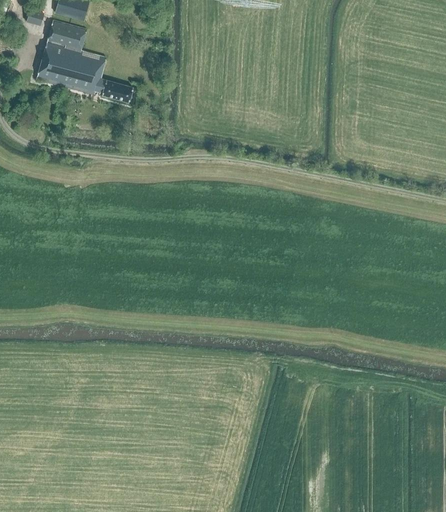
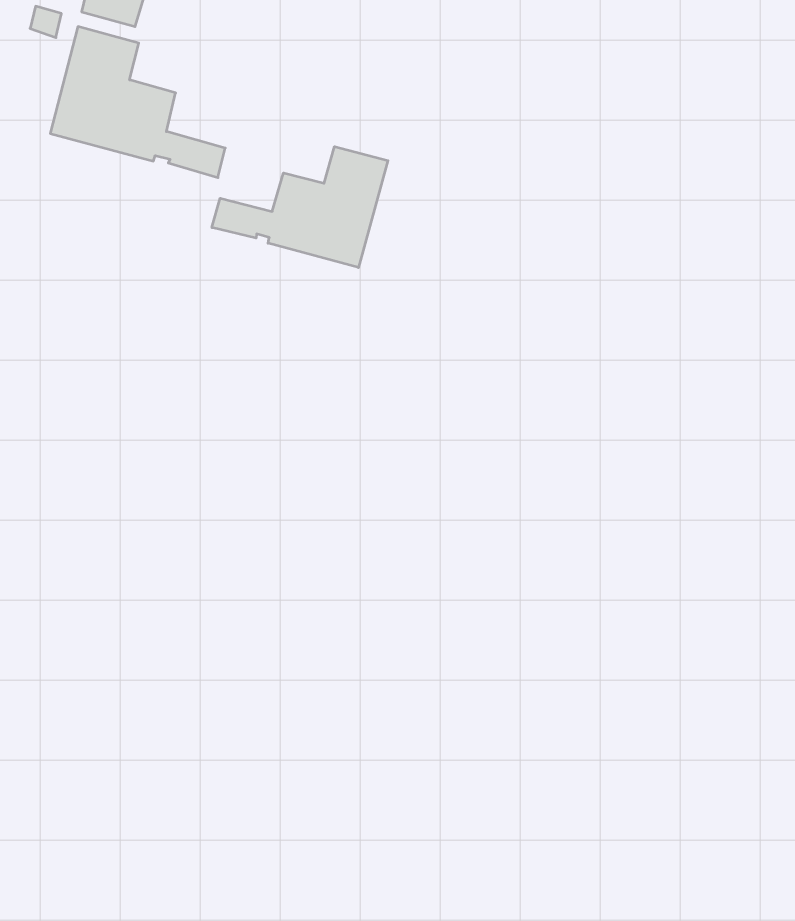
building: none -> [212,147,388,268]

